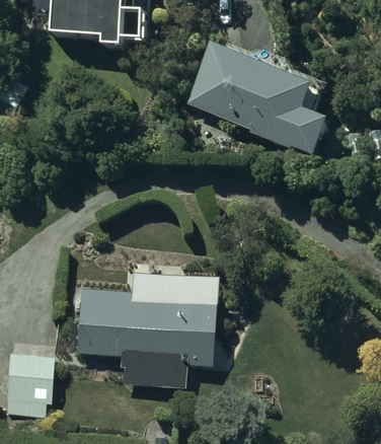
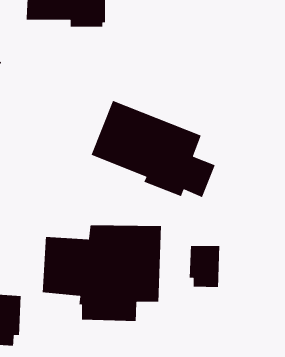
building: [188,38,333,151] -> [90,100,216,198]
building: none -> [189,245,220,288]

